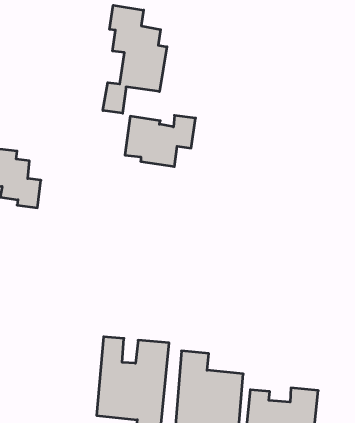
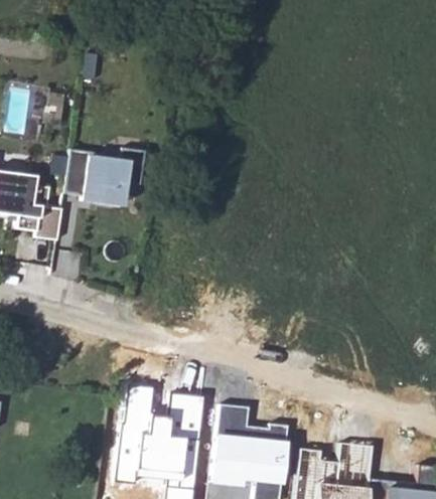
building: [103,5,167,113] -> none
building: [125,115,196,167] -> [59,147,140,205]

